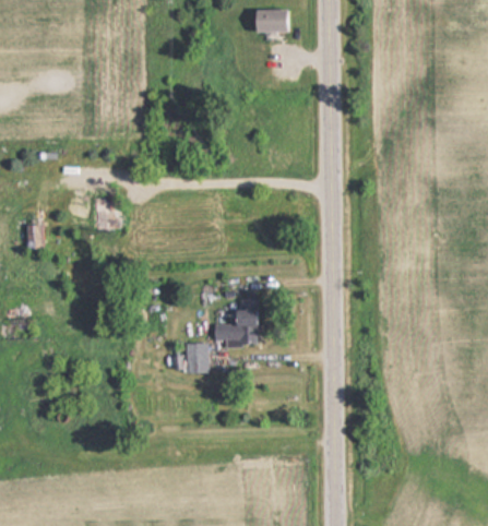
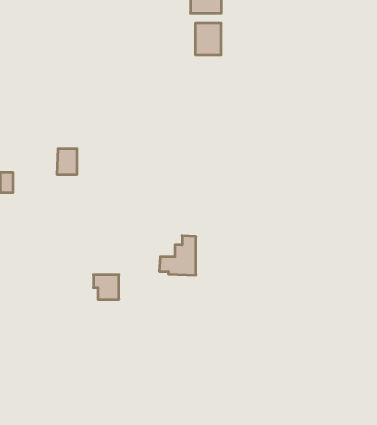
building: none -> [196,23,221,55]
building: [180,344,211,373] -> [93,275,119,299]

